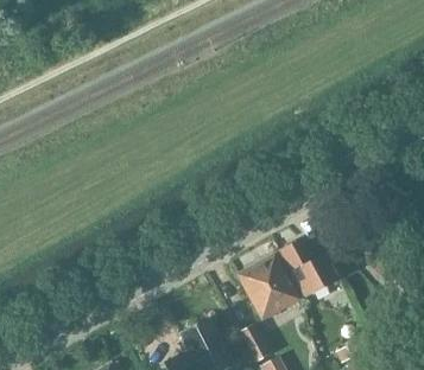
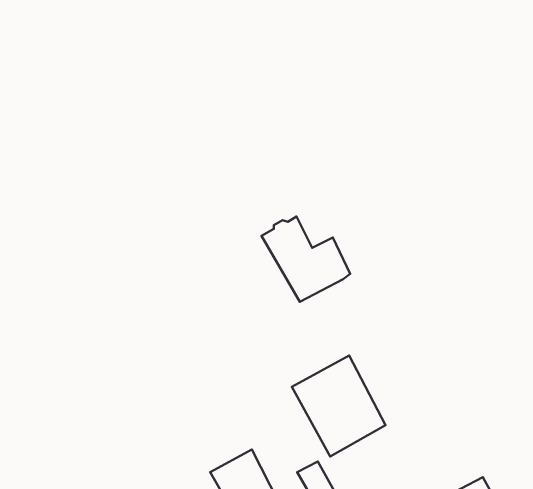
building: [279,236,340,294] -> [262,217,350,302]

